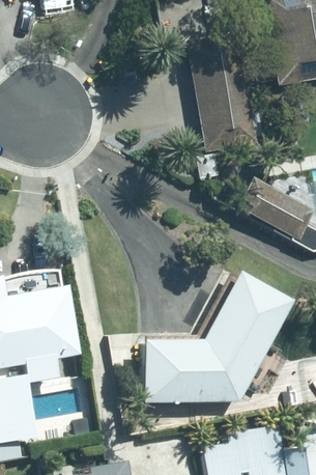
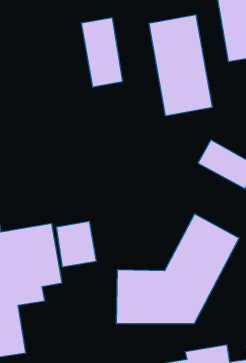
building: none -> [81,17,123,87]
building: none -> [56,221,96,267]

